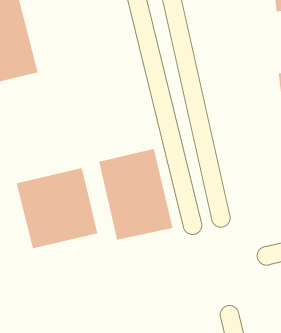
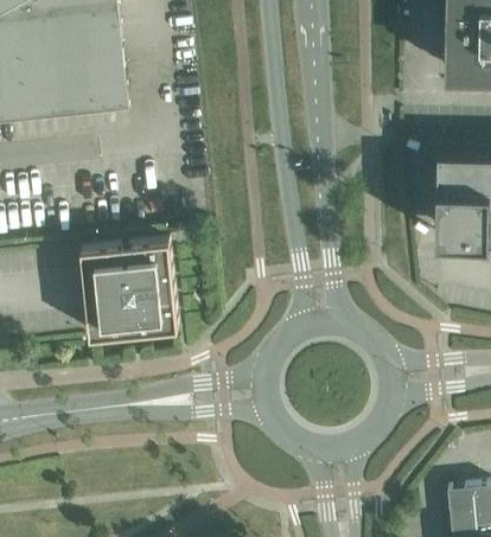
building: [98,148,173,241] -> none

